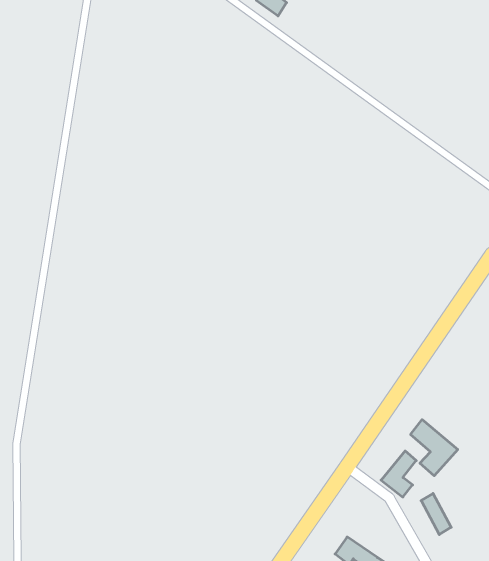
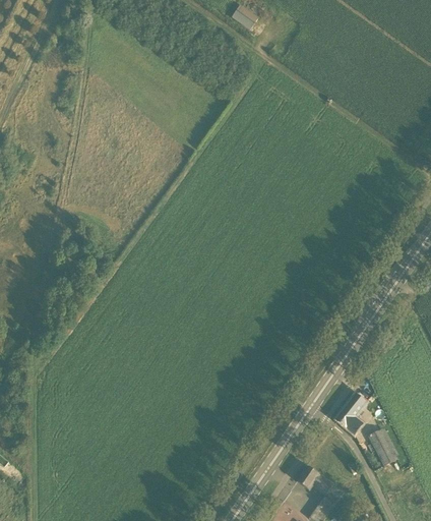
building: [411,420,458,476] -> none

